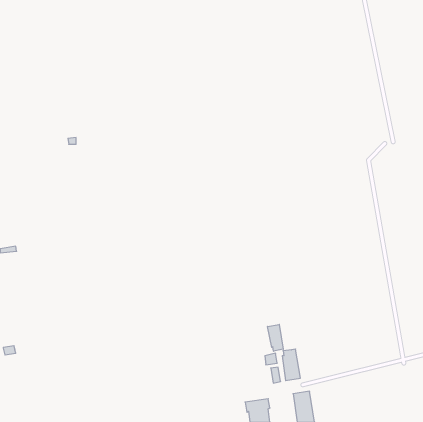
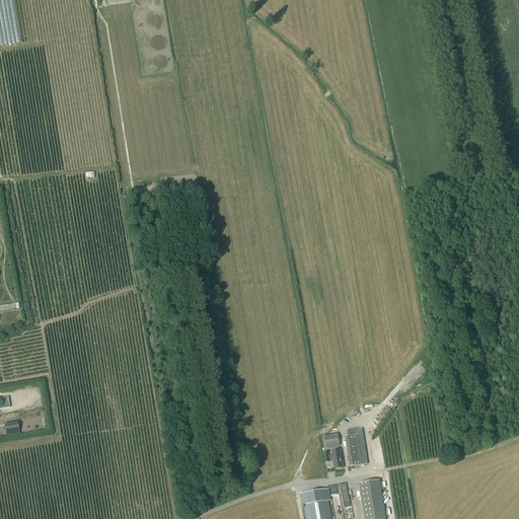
building: [268,324,283,351] -> none

